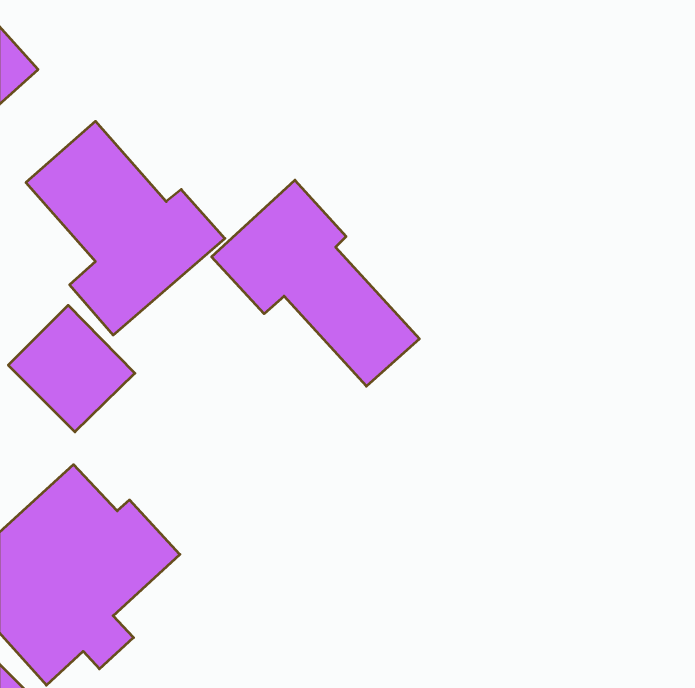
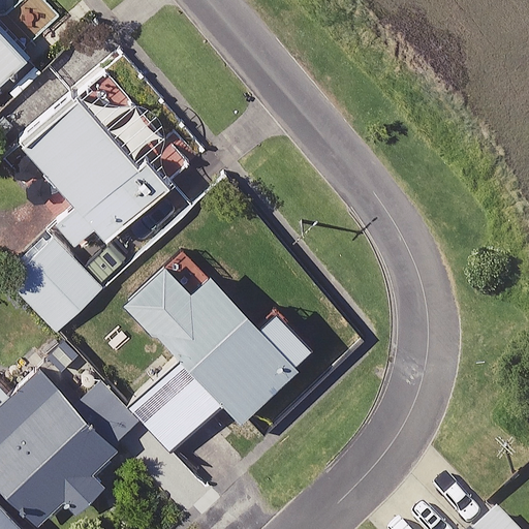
building: [212,180,419,386] -> none
building: none -> [118,261,294,448]

